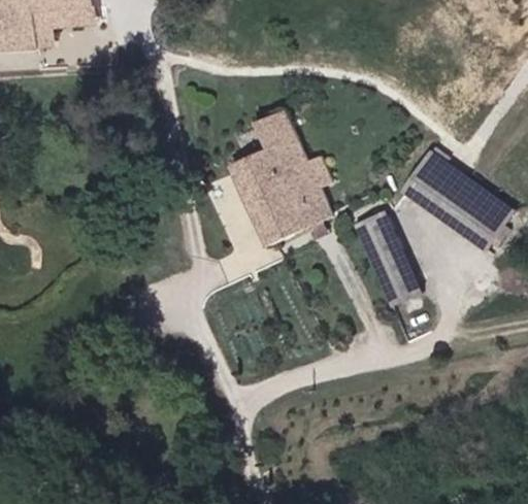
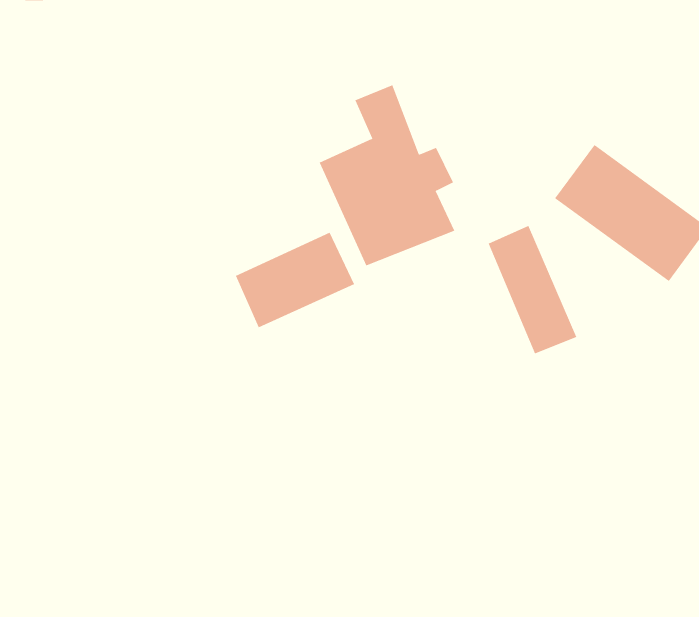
building: none -> [235,232,355,328]

